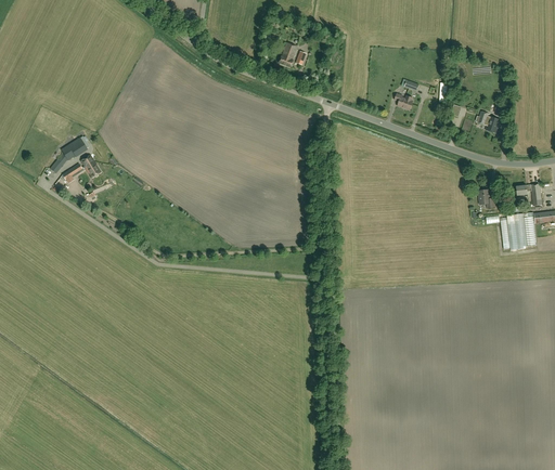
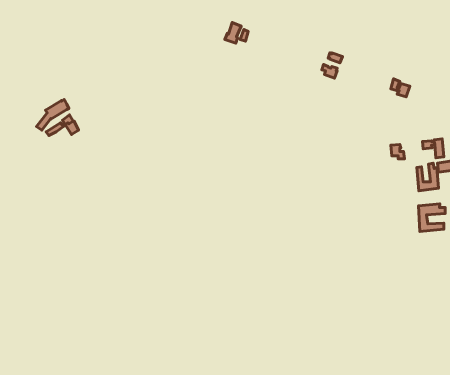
building: none -> [419,204,445,231]

